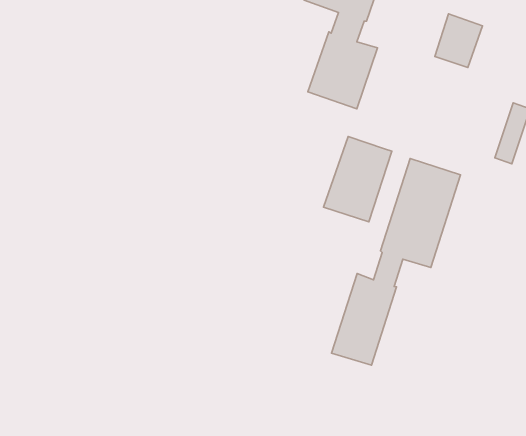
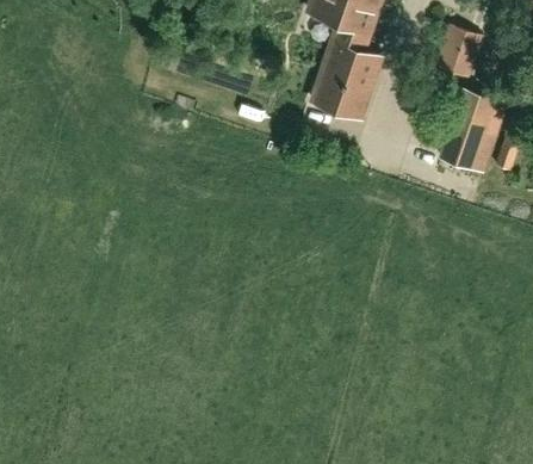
building: [324,136,392,222] -> [441,89,508,173]
building: [331,158,460,365] -> none

